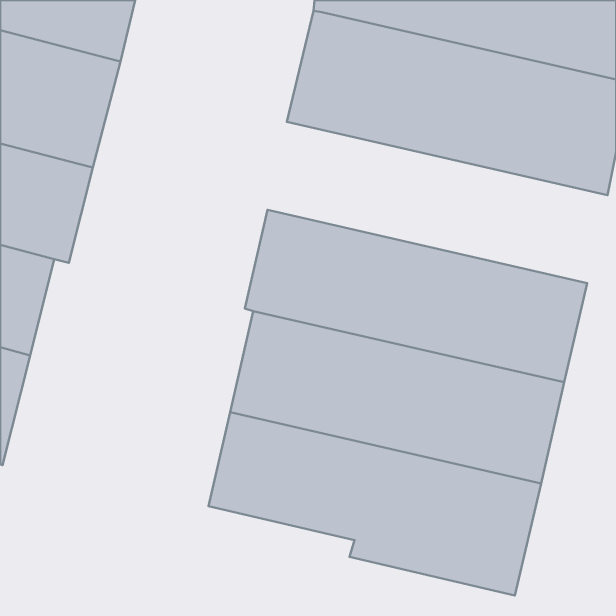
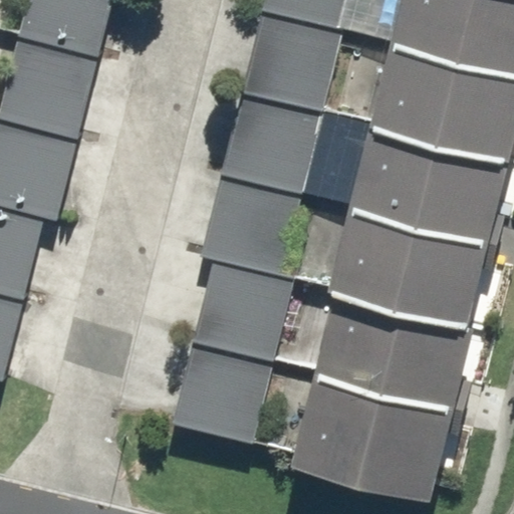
building: none -> [223,101,506,236]

